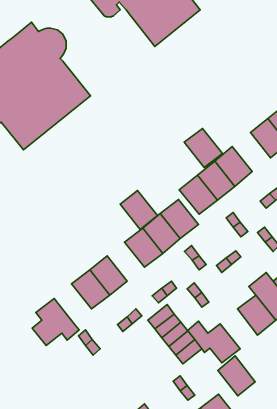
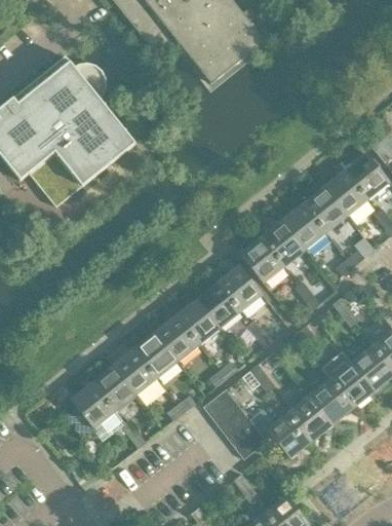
building: [184,128,222,167] -> [303,185,348,231]
building: [120,190,157,230] -> [155,314,199,361]
building: none -> [92,364,136,411]
building: [218,356,255,396] -> [288,393,332,441]

